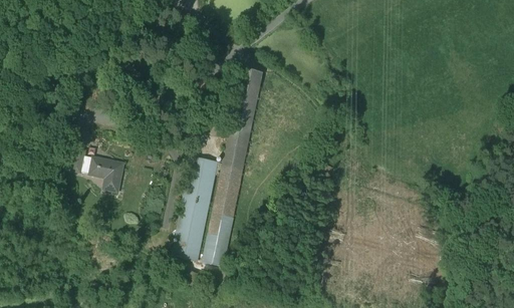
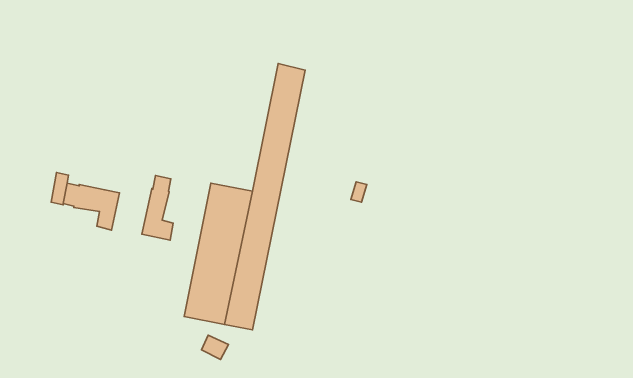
building: none -> [142,175,173,240]

